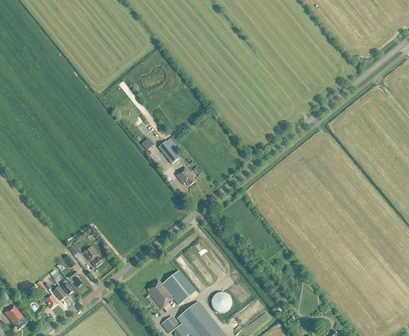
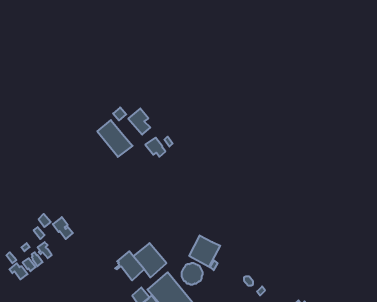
building: none -> [97,120,133,157]
building: none -> [189,235,220,267]

